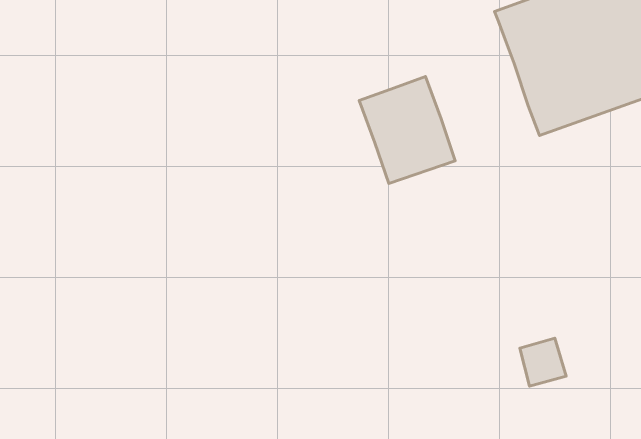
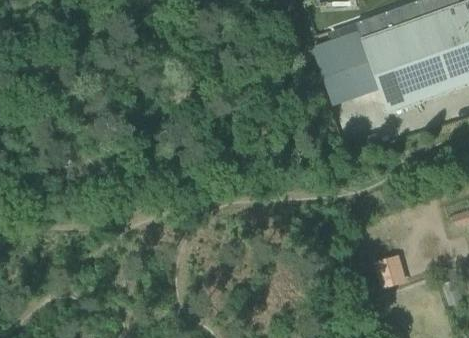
building: [359,76,455,184] -> [312,30,380,106]

